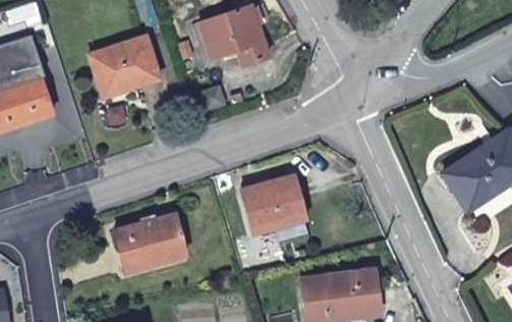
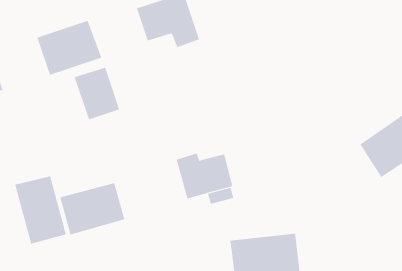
building: none -> [74,67,120,120]
building: none -> [14,175,66,244]

